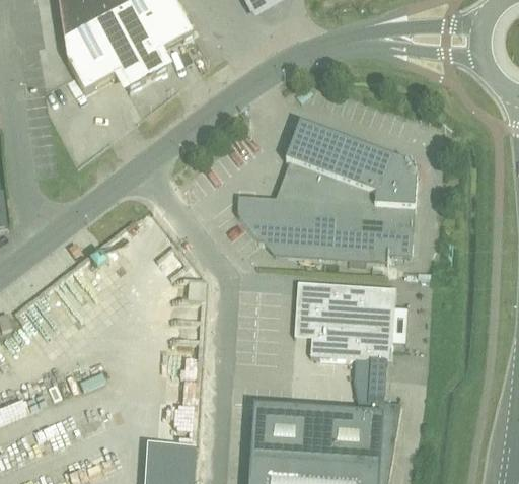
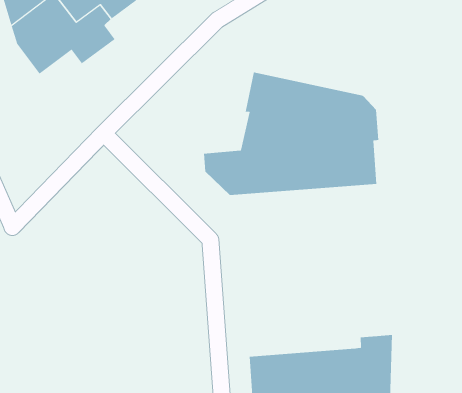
building: [297,282,407,403] -> none

